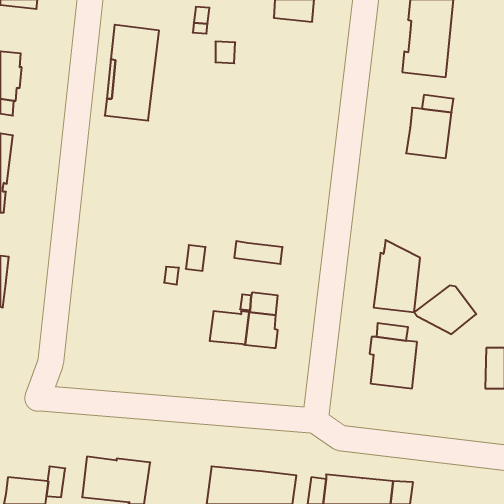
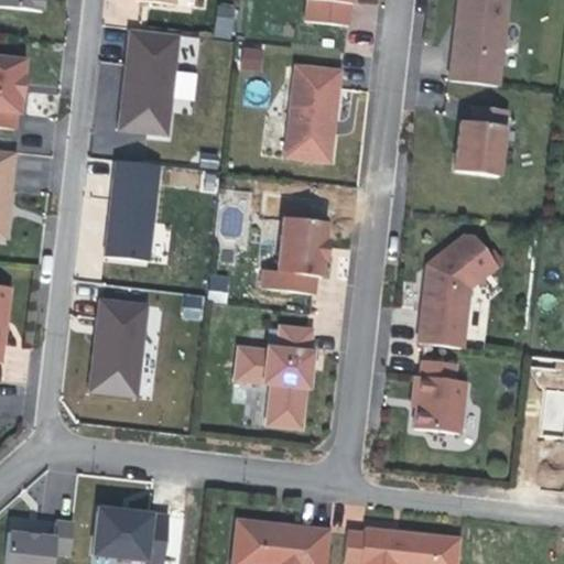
building: none -> [284,64,341,163]
building: none -> [105,160,159,261]
building: none -> [278,217,327,276]
building: none -> [88,300,147,398]
building: [414,286,476,334] -> [427,234,497,288]
building: none -> [267,383,306,429]

